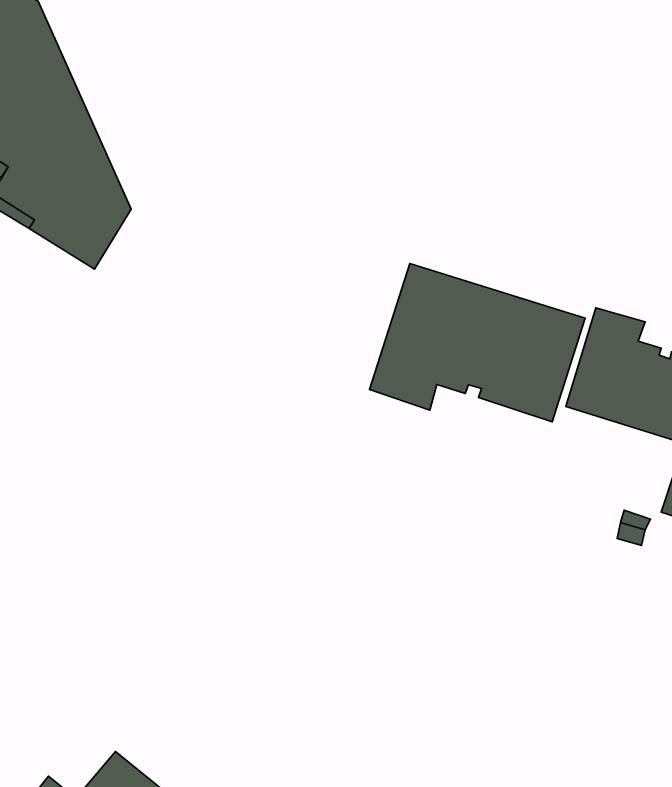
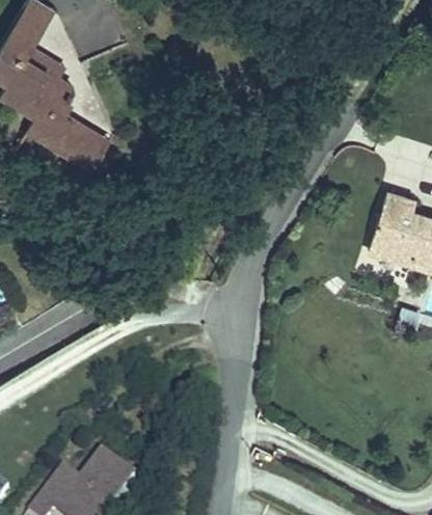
building: [370,263,585,422] -> none

